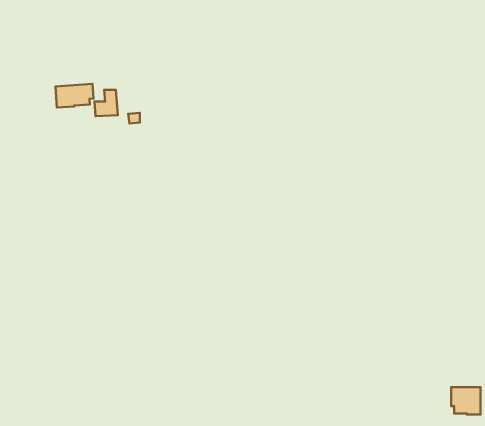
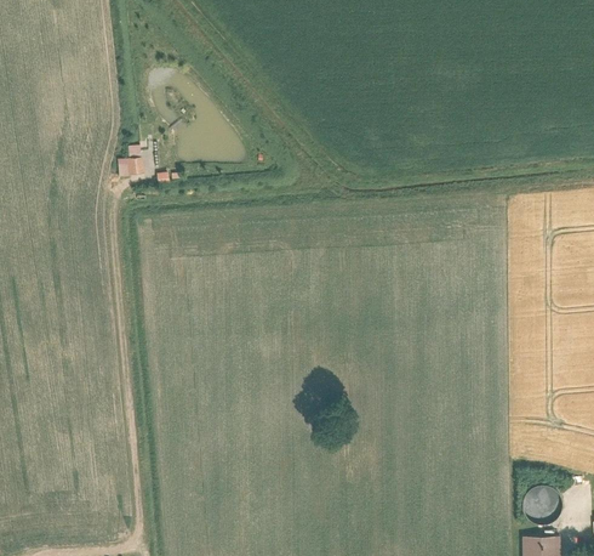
building: [55,84,94,108] -> none

